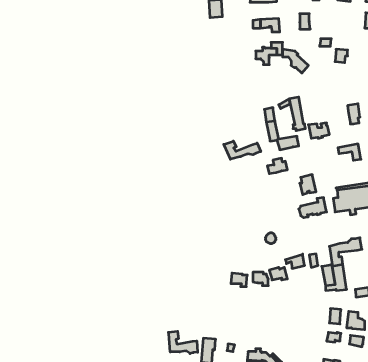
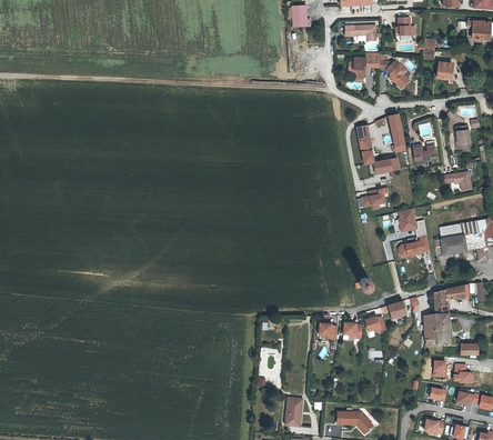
building: [224,141,261,159] -> none
building: [168,331,198,354] -> none

